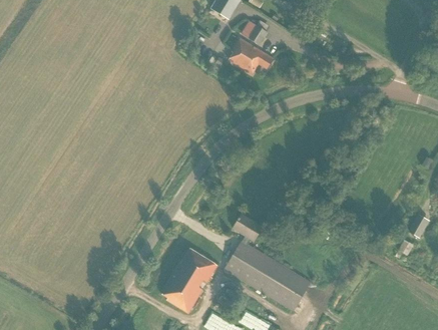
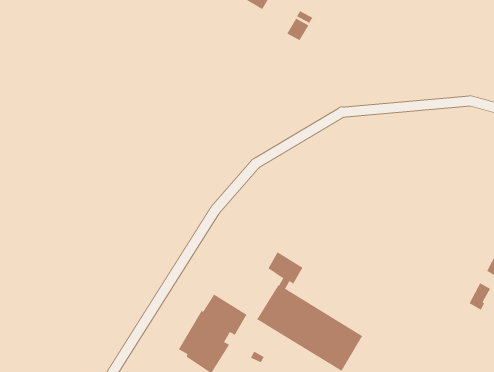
building: [229,38,274,74] -> none

